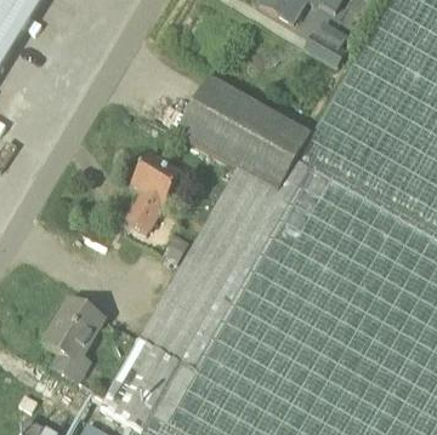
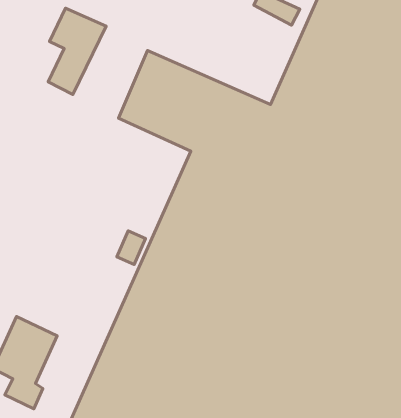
building: [126,161,182,237] -> [48,8,106,95]

